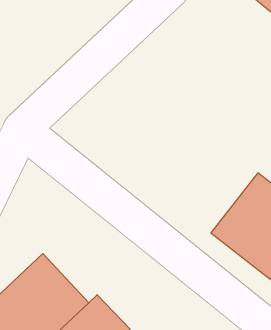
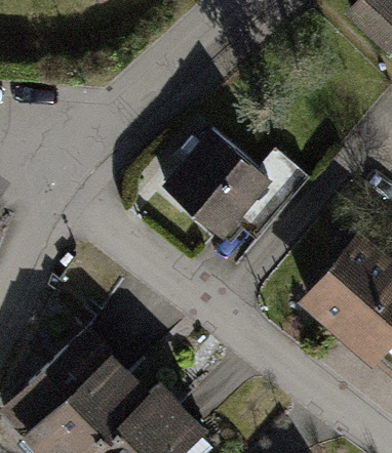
building: none -> [164,137,276,249]

